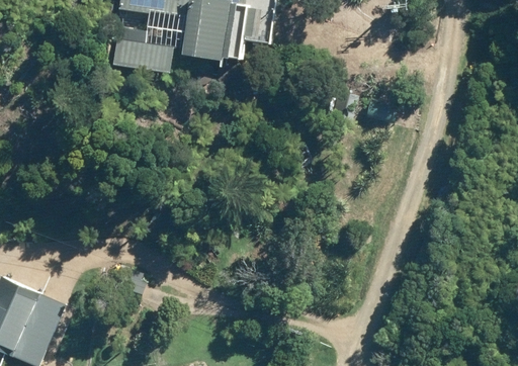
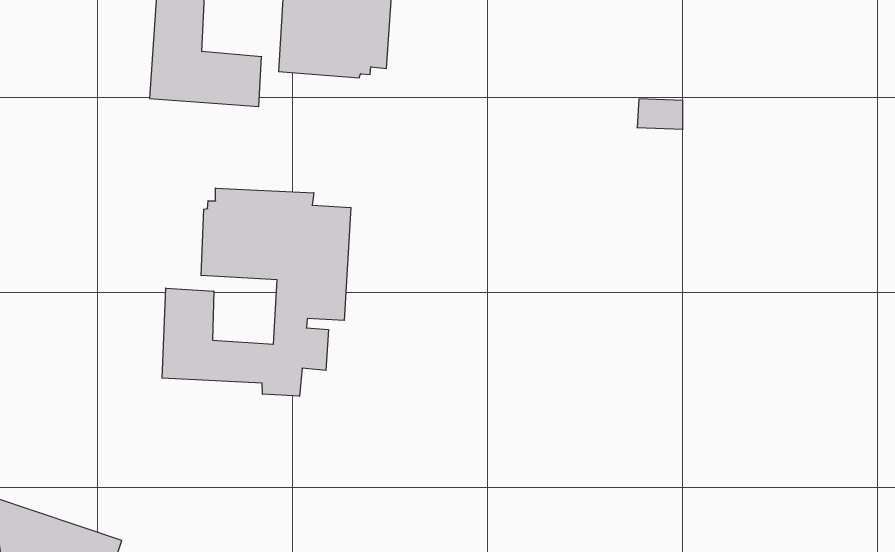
building: none -> [162,188,351,396]

